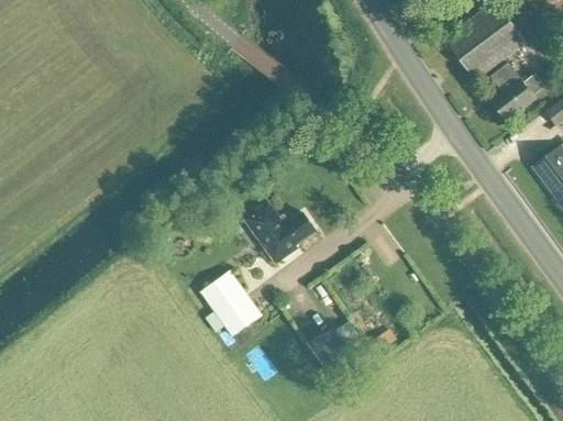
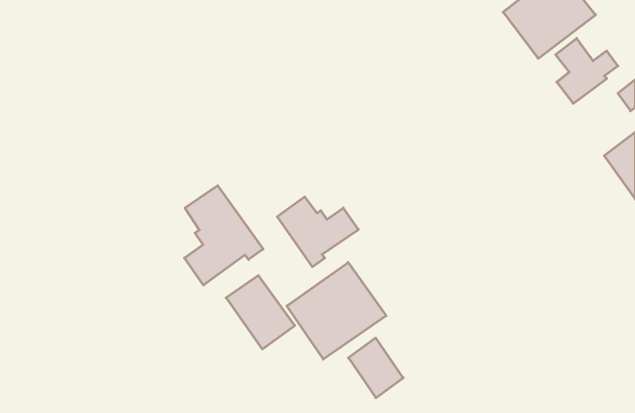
building: none -> [184,186,263,285]
building: none -> [287,262,386,359]

